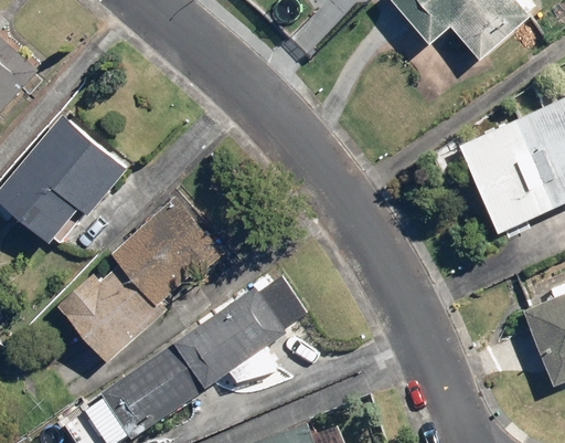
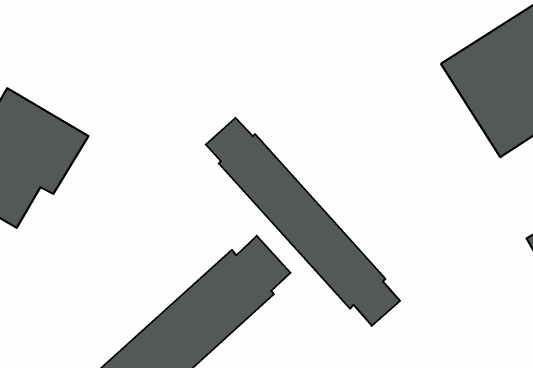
building: none -> [206,118,400,326]
building: [55,196,224,361] -> none

